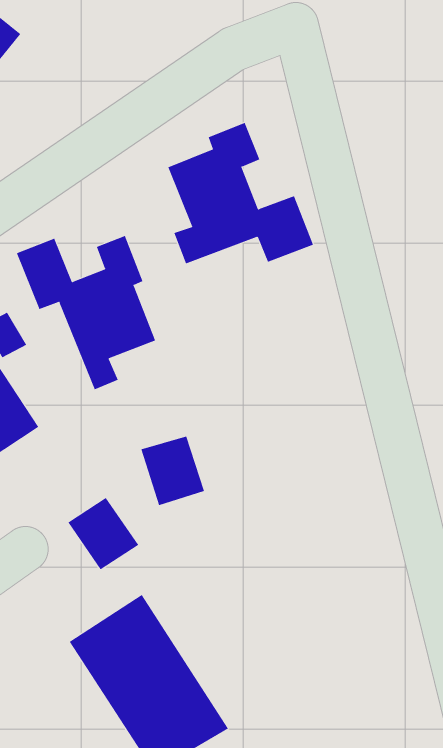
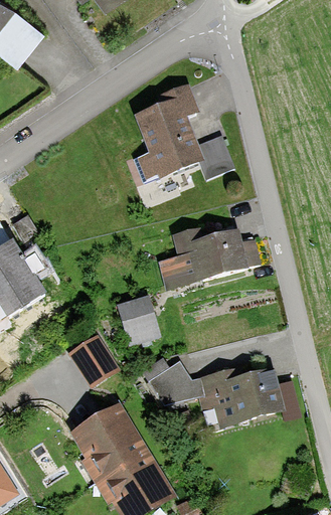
building: [16,235,156,390] -> none
building: none -> [155,227,252,292]
building: none -> [149,361,286,426]

